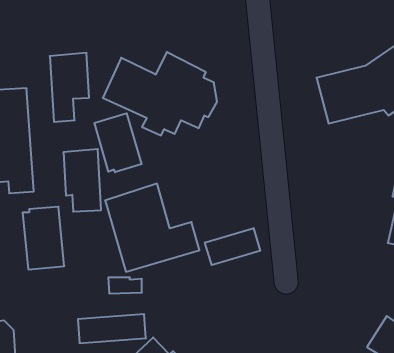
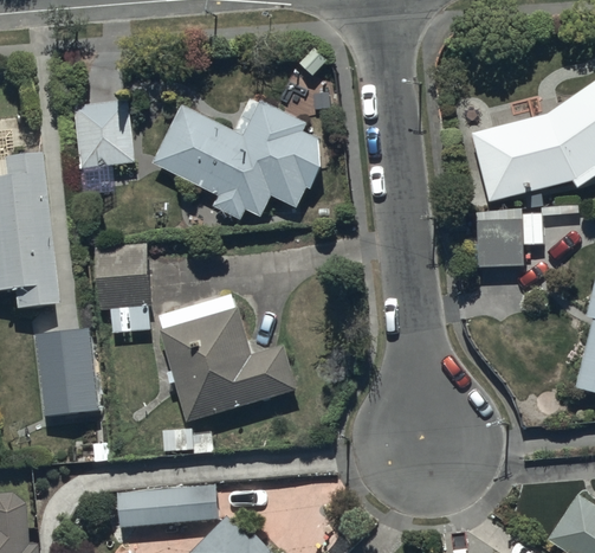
building: [94,113,142,172] -> none
building: none -> [477,214,541,268]
building: [205,228,260,265] -> none

